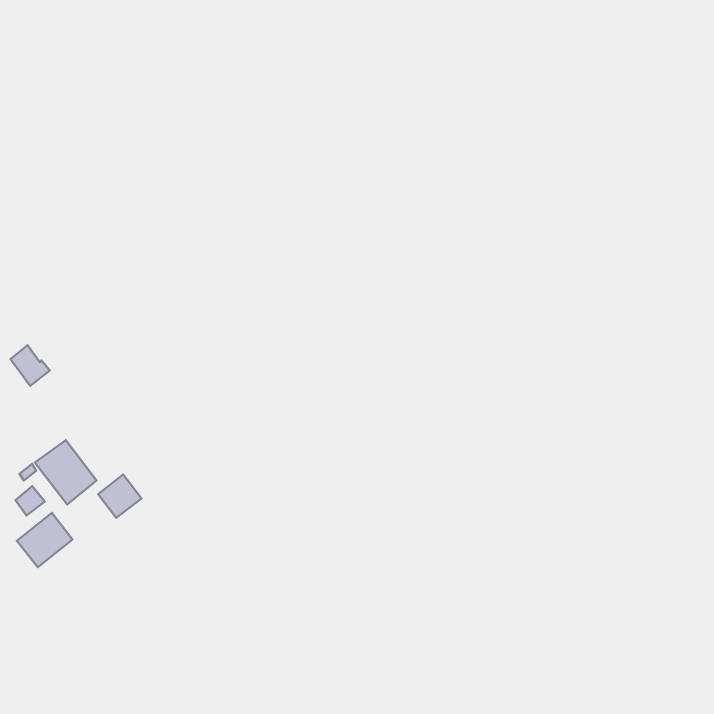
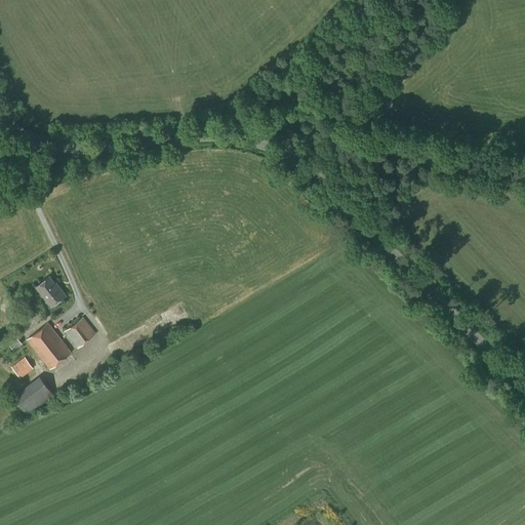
building: [11,345,50,386] -> [36,277,65,307]
building: [98,475,141,518] -> [64,317,95,349]

